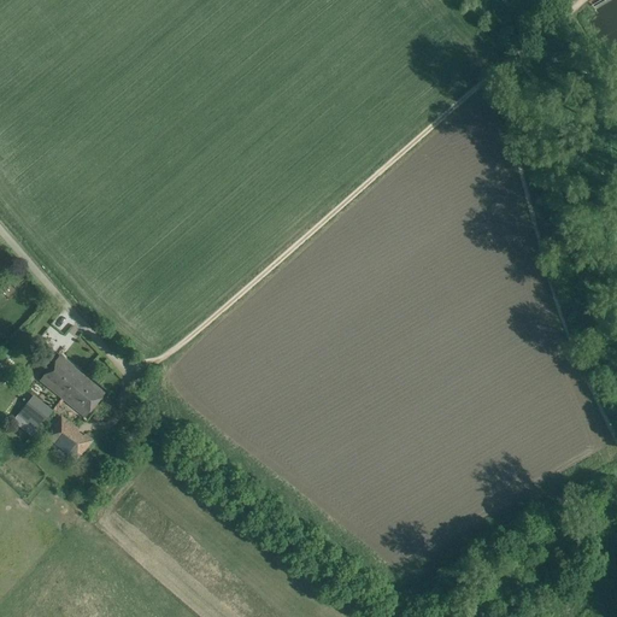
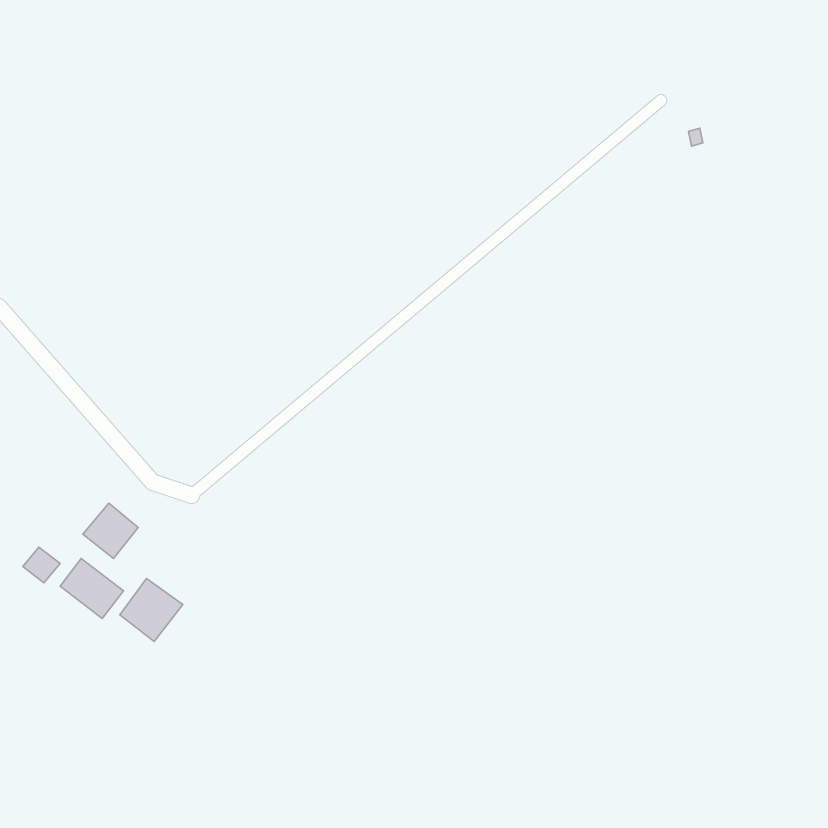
building: [39,354,81,396] -> none
building: none -> [120,578,183,641]

